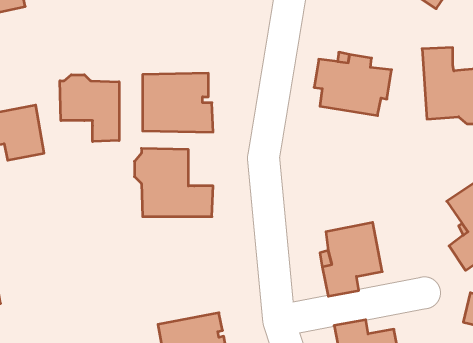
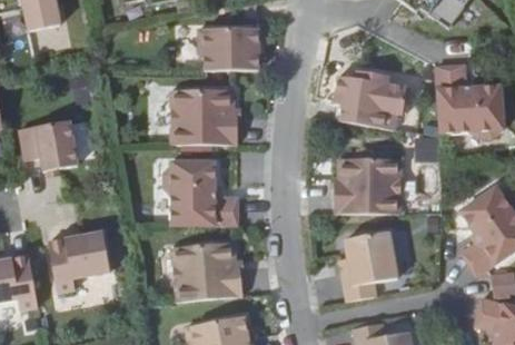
building: none -> [198,27,259,69]
building: [60,75,119,142] -> none
building: none -> [334,157,400,211]
building: none -> [48,230,110,292]
building: none -> [171,240,242,300]

